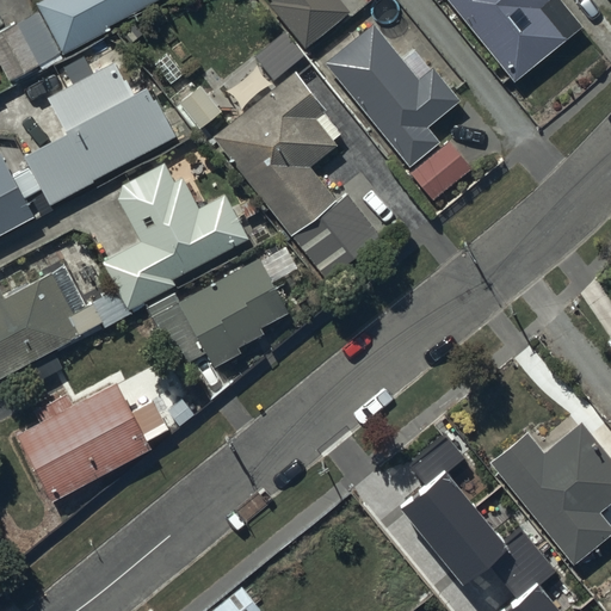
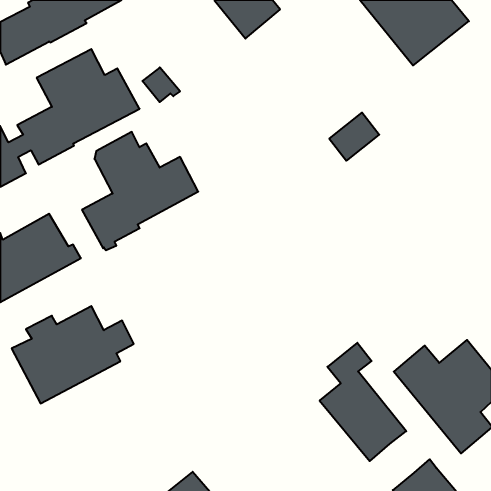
building: [323,23,459,167] -> none
building: [211,70,379,278] -> none
building: [147,245,302,369] -> none
building: [485,521,560,587] -> none

